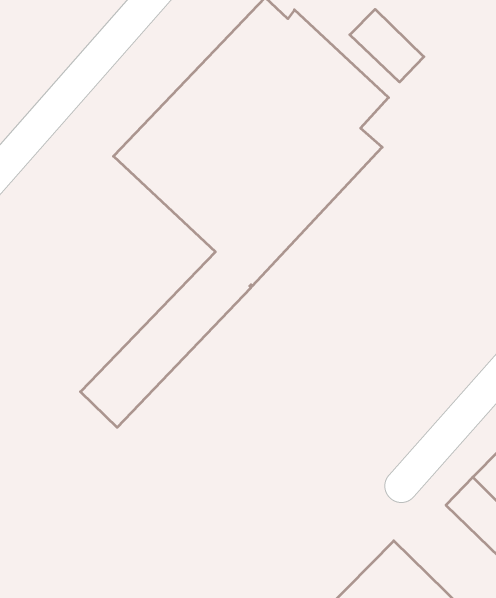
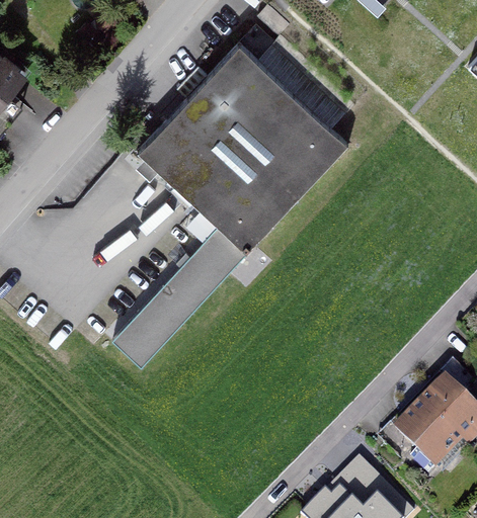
building: [350,9,424,82] -> none

